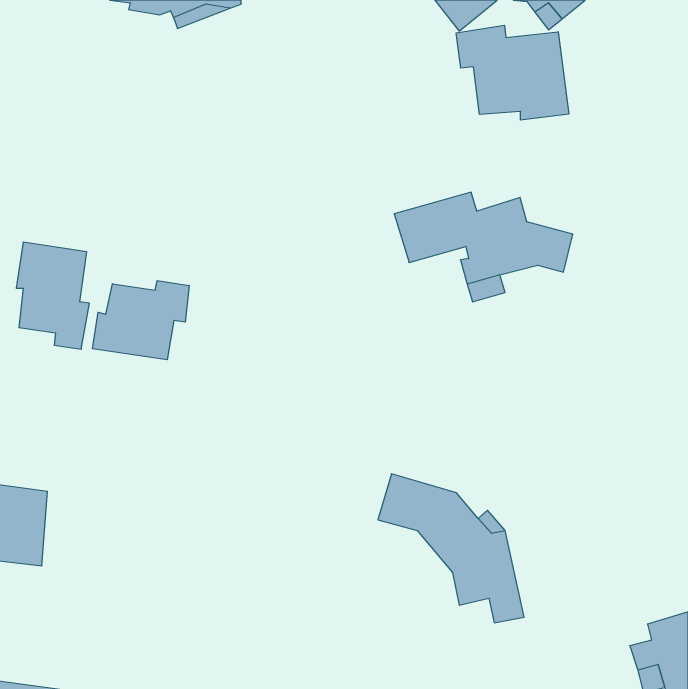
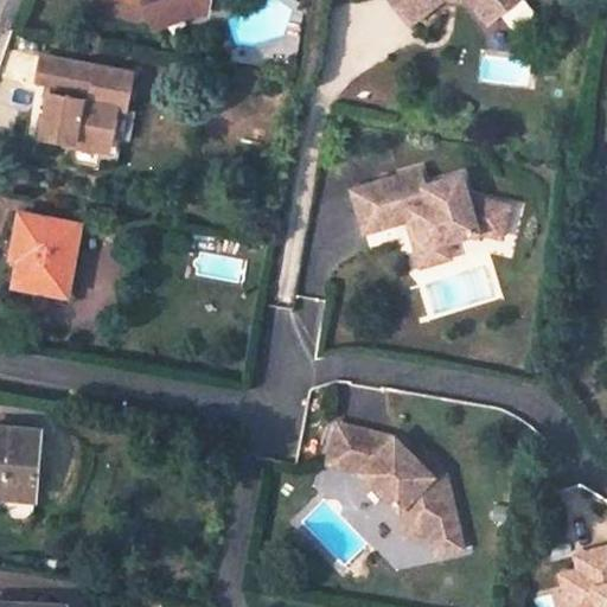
building: [456,25,569,120] -> none
building: none -> [37,59,138,172]
building: [93,281,189,360] -> none

